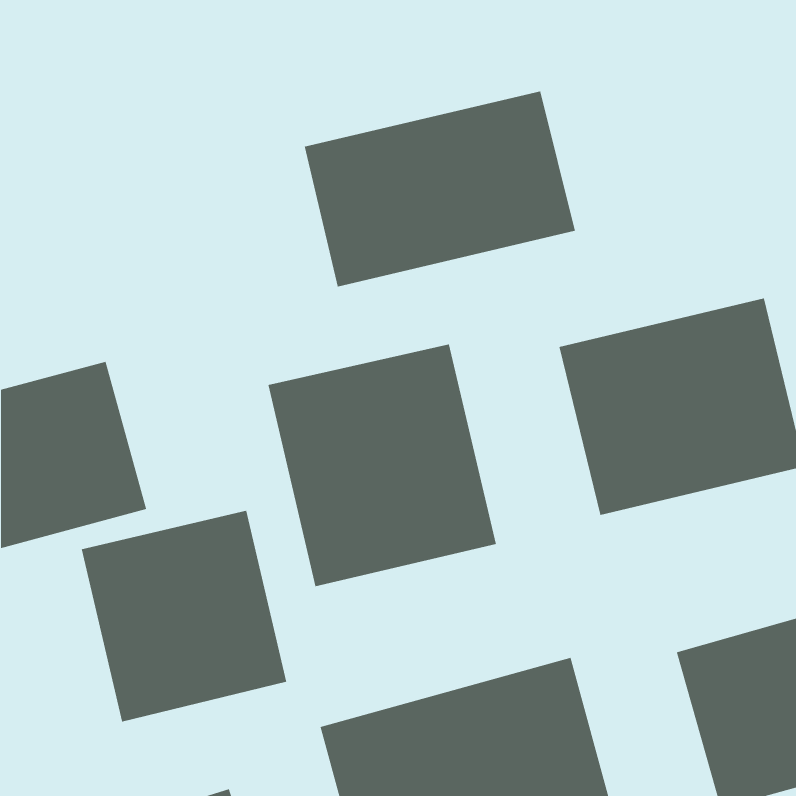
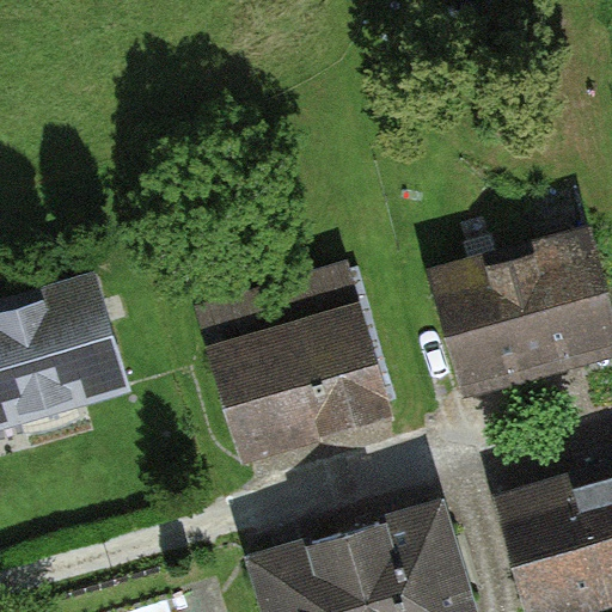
building: [304,91,576,287] -> none
building: [81,510,287,722] -> none

